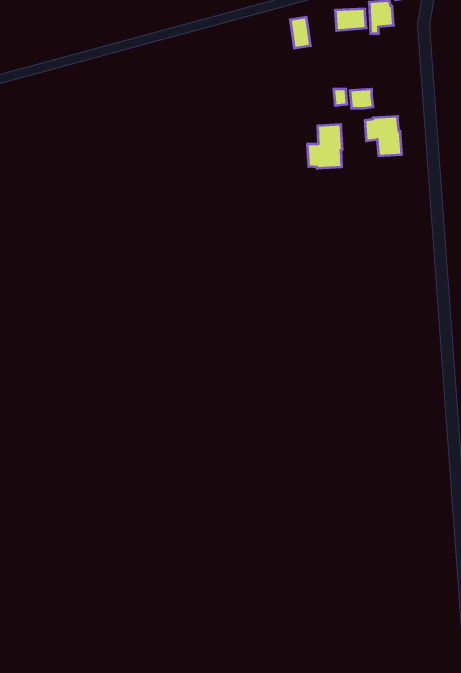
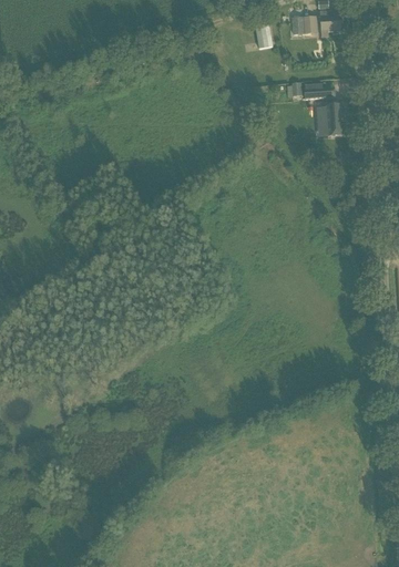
building: [308,124,342,169] -> none

